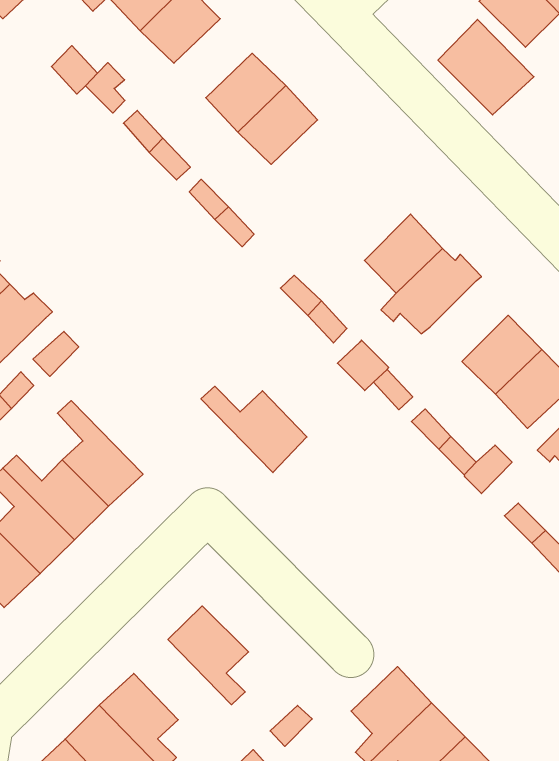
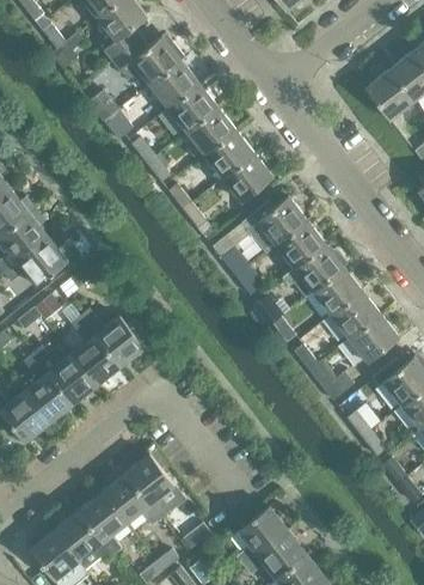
building: none -> [167,84,217,133]
building: [438,19,534,115] -> none
building: none -> [222,154,274,205]
building: none -> [240,196,307,255]
building: none -> [312,267,362,317]
building: [201,386,307,473] -> [80,309,145,367]
building: none -> [102,474,161,526]

